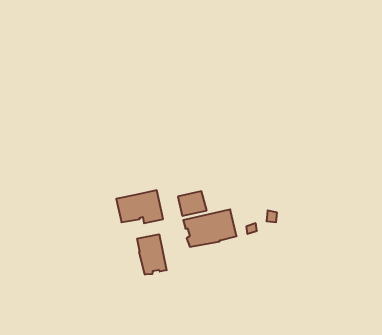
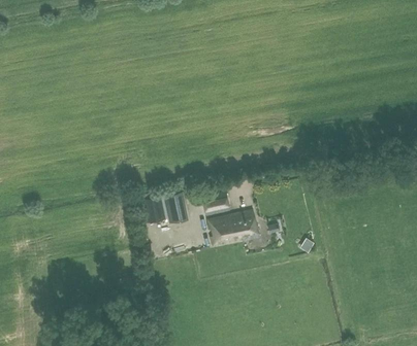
building: [137,234,167,275] -> none

